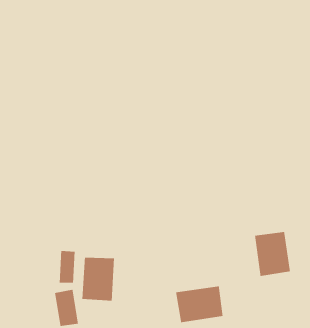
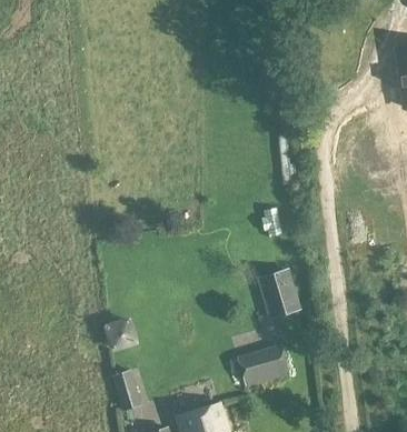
building: [254,231,291,277] -> [259,267,302,318]
building: [82,257,115,302] -> none

